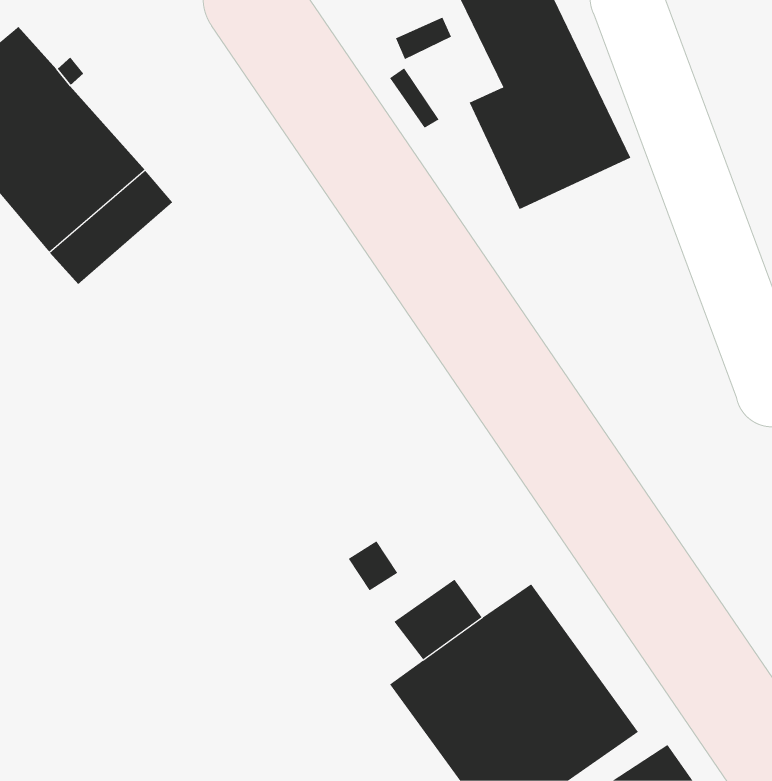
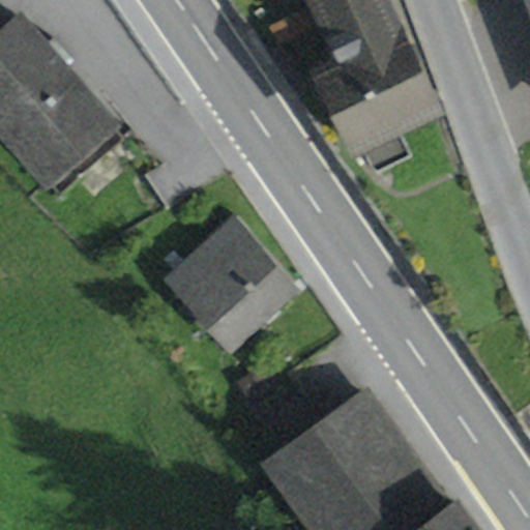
building: none -> [166,215,290,340]

